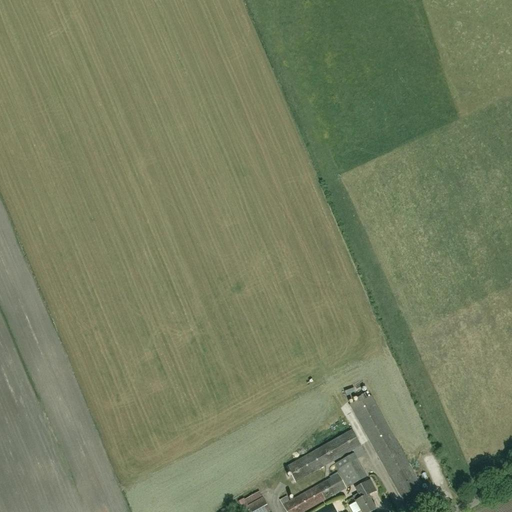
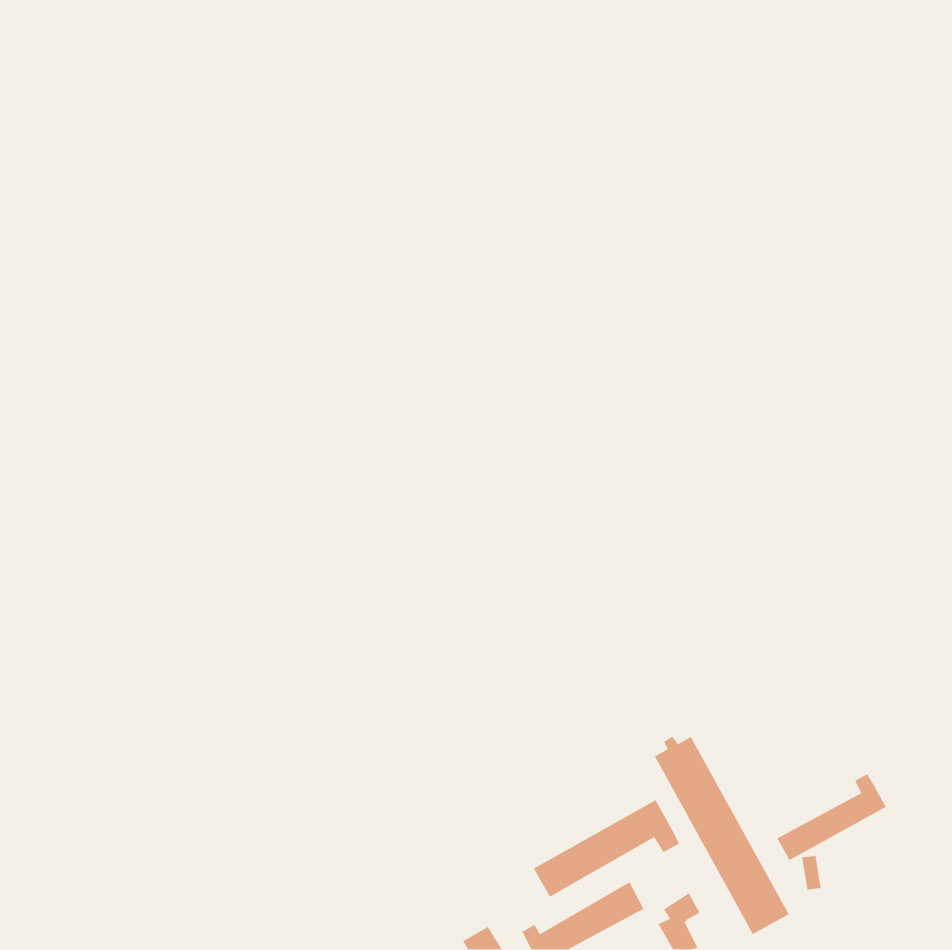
building: none -> [776,773,887,861]
building: [335,453,366,486] -> none

